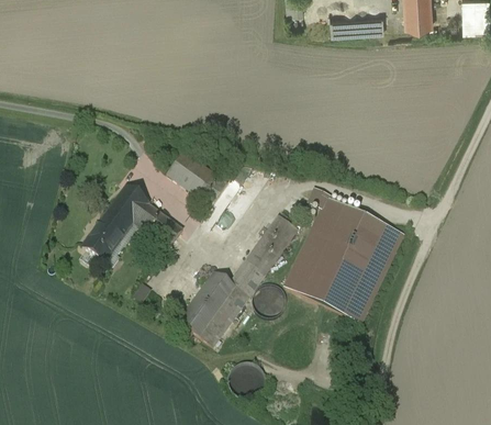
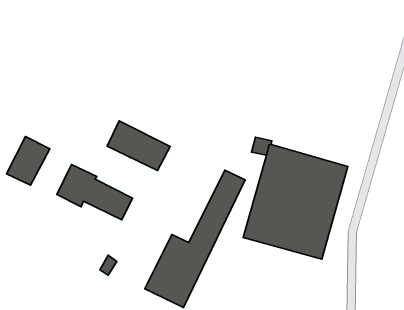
building: [81,212,129,261] -> [7,136,50,185]
building: [254,283,284,314] -> none

